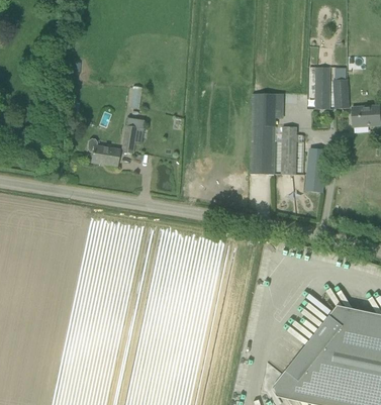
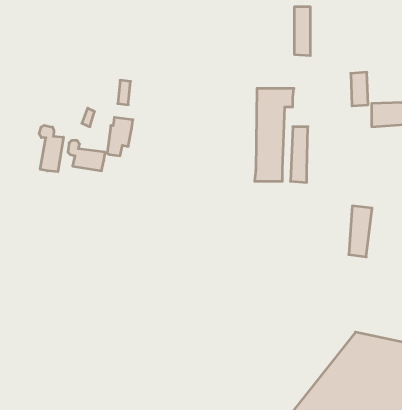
building: [315,67,329,109] -> [294,7,310,56]
building: none -> [39,125,63,172]
building: [307,147,327,192] -> [349,206,372,257]

